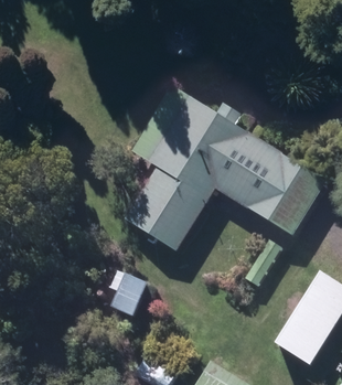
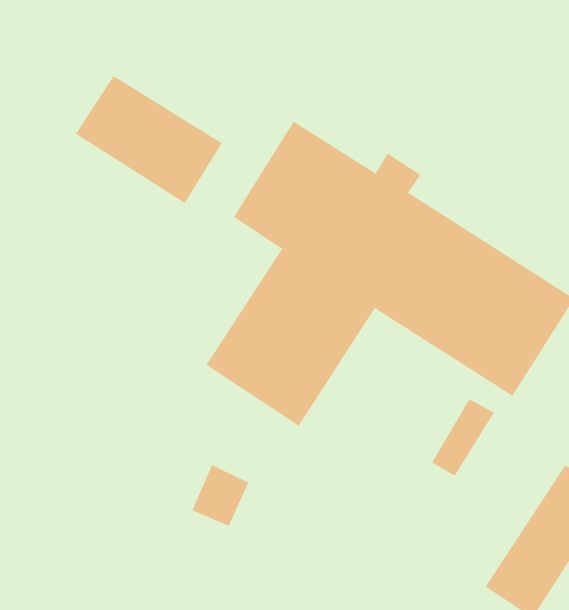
building: none -> [75,75,223,204]

